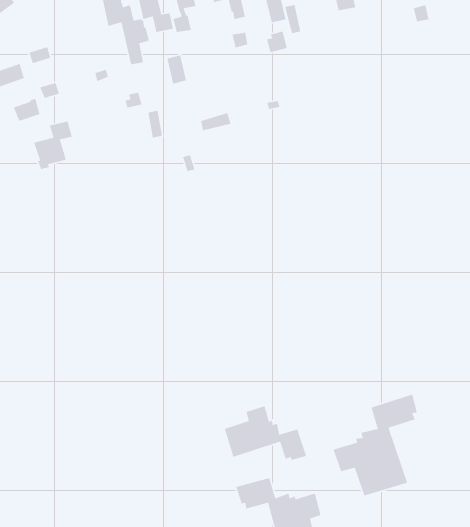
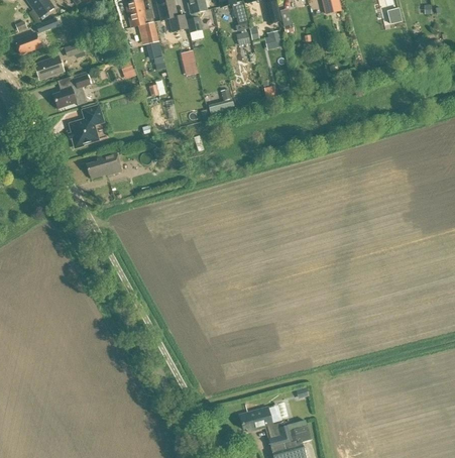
building: none -> [86,151,121,179]
building: [333,394,418,497] -> none
building: [224,405,307,461] -> none

